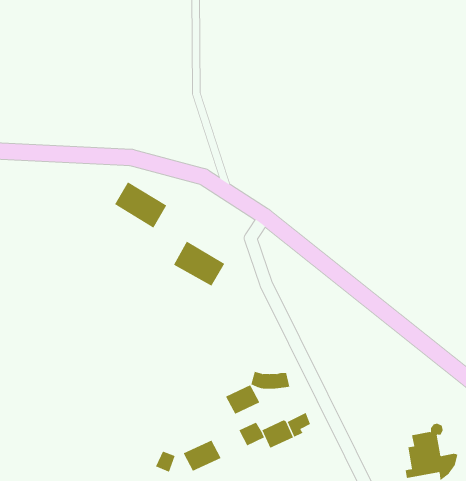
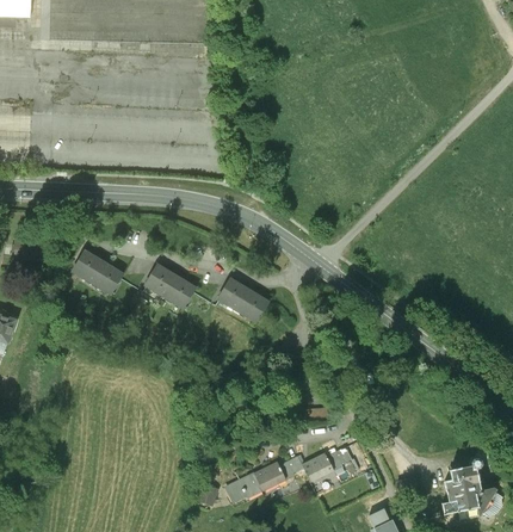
building: [114,181,167,228] -> [143,262,196,309]
building: none -> [69,249,122,296]
building: [225,384,260,415] -> [254,462,289,491]

